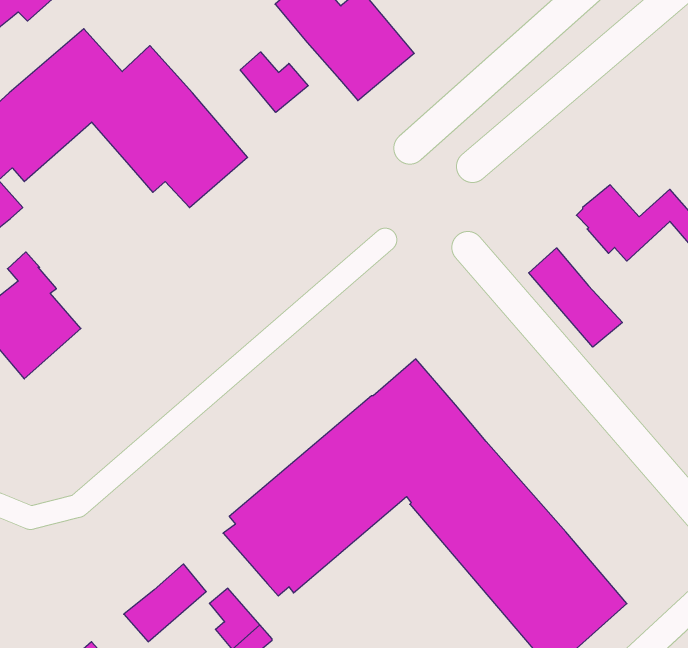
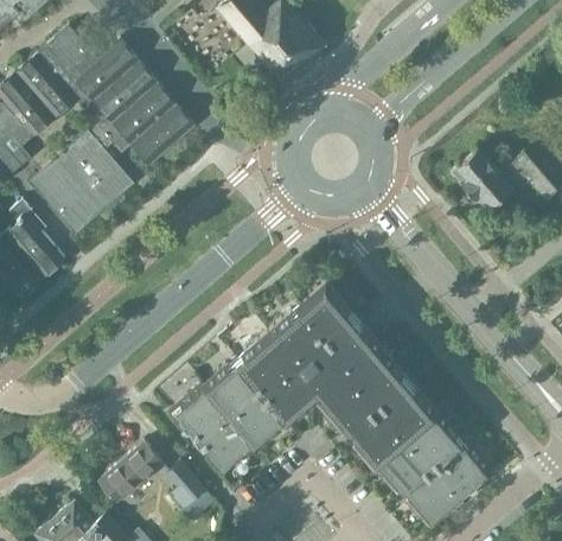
building: [240,52,308,112] -> none
building: none -> [32,127,129,231]
building: [529,248,622,347] -> none

